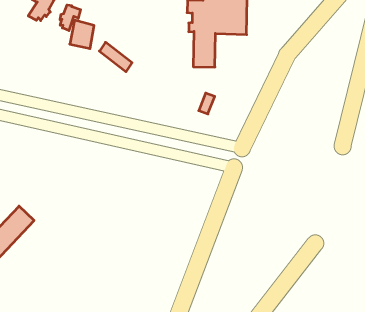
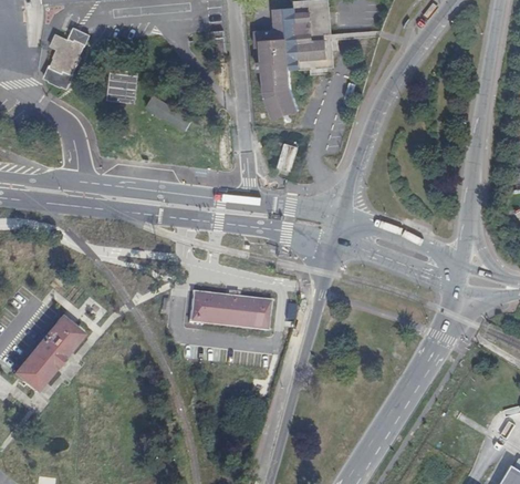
building: [60,5,81,31] -> none
building: none -> [188,291,268,329]

